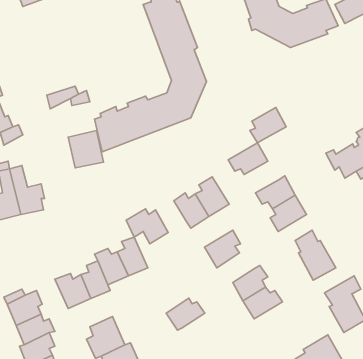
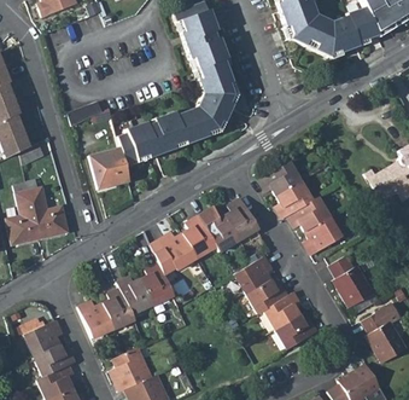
building: [250,108,286,143] -> [275,181,314,219]
building: none -> [183,216,216,257]
building: [166,298,205,330] -> [249,279,290,313]

